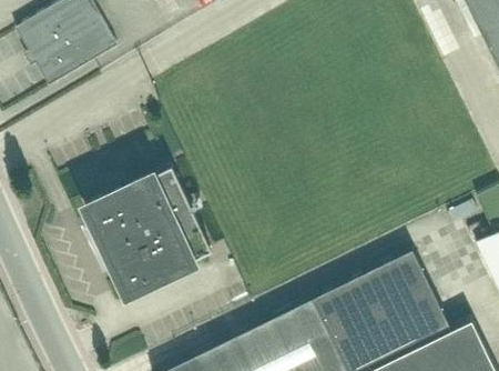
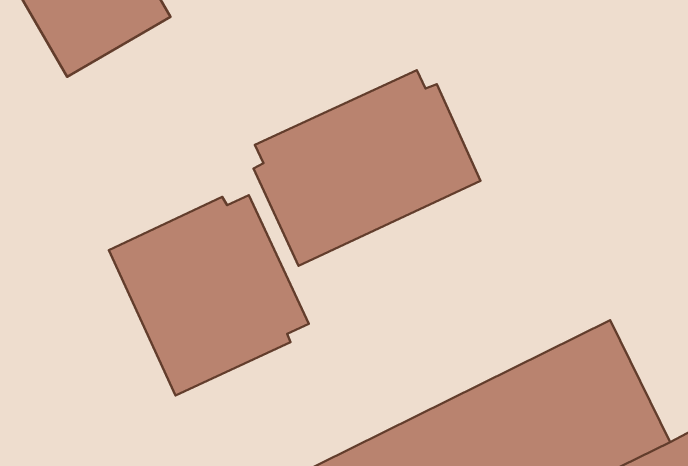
building: none -> [253,70,481,266]

